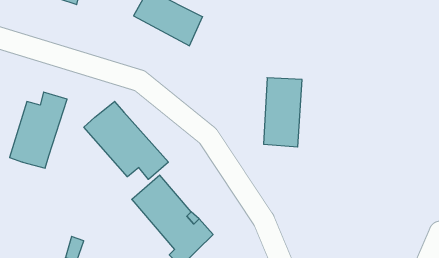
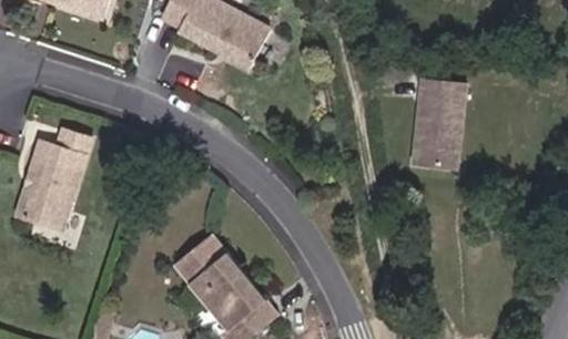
building: [264,78,302,147] -> [409,82,458,170]
building: [84,101,168,179] -> none

